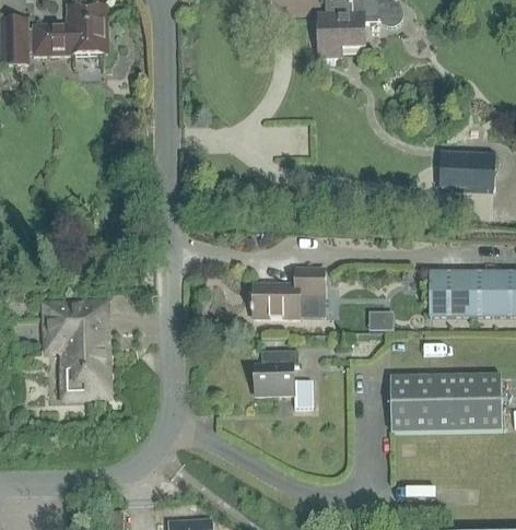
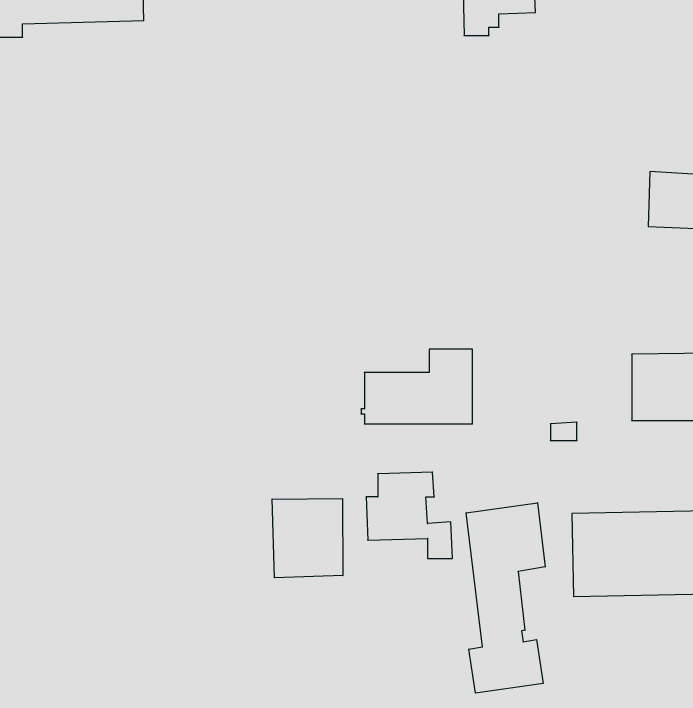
building: [45,303,107,394] -> none
building: none -> [272,499,343,578]
building: none -> [466,503,545,693]

